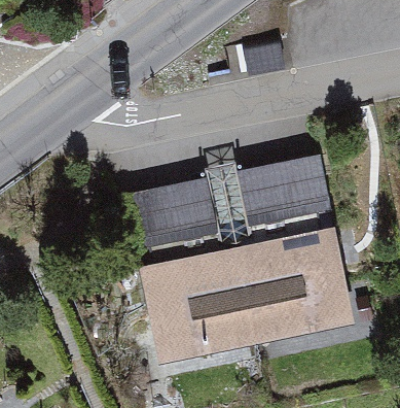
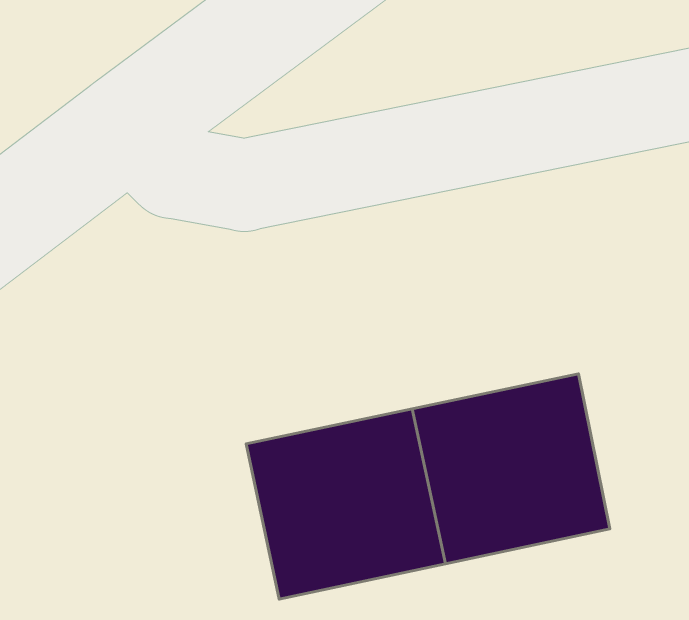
building: [239,138,334,216] -> none
building: [136,168,221,231] -> none

